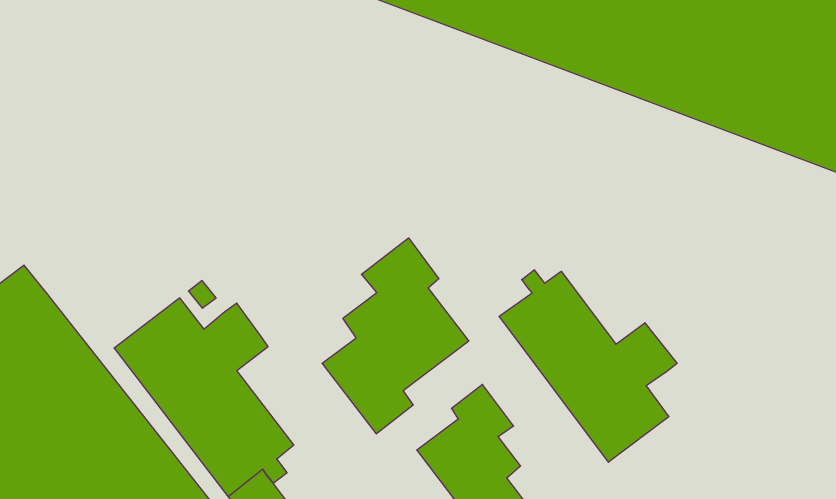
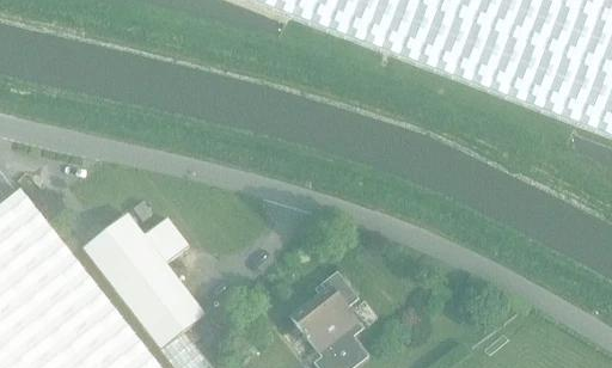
building: [322,238,469,434] -> none
building: [499,270,677,462] -> none

